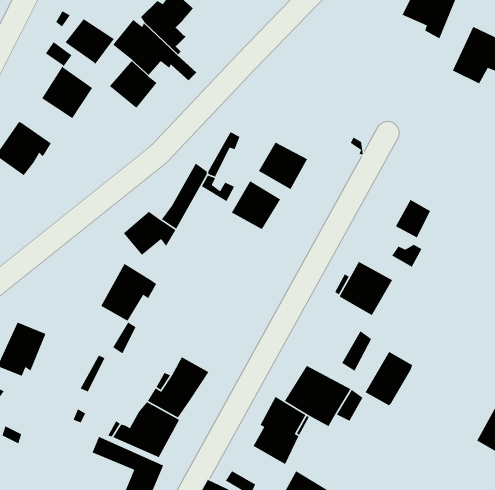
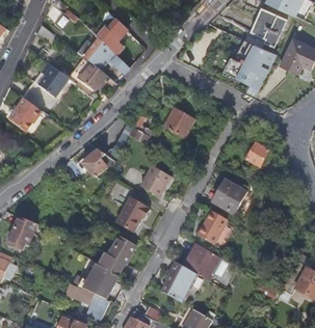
building: [64,18,115,65] -> [24,82,54,110]
building: none -> [225,45,278,89]
building: [231,180,281,230] -> [142,165,173,195]
building: [100,263,157,322] -> [117,196,152,231]
building: [365,351,413,406] -> [199,210,228,243]

